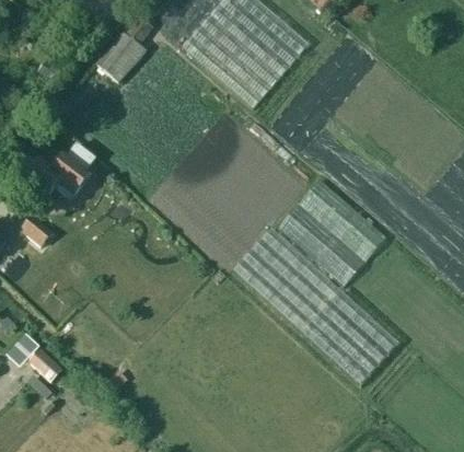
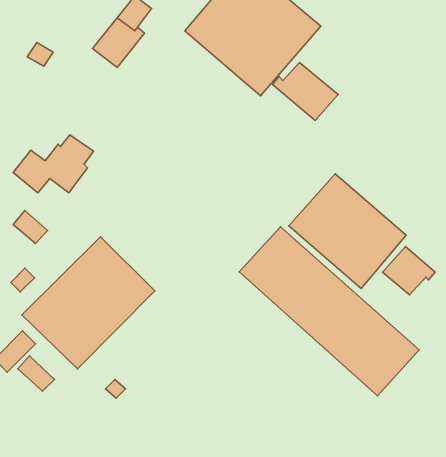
building: none -> [273,62,338,121]
building: none -> [22,237,155,369]
building: none -> [383,246,435,295]

